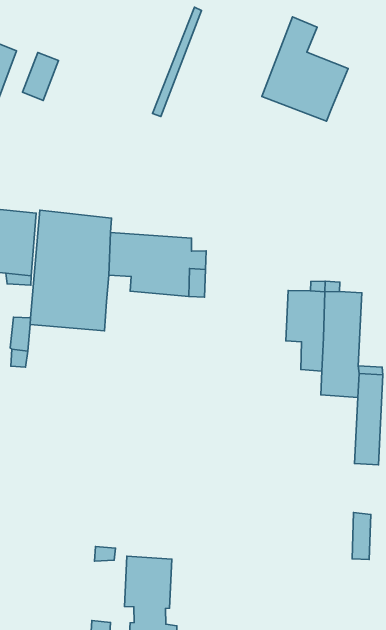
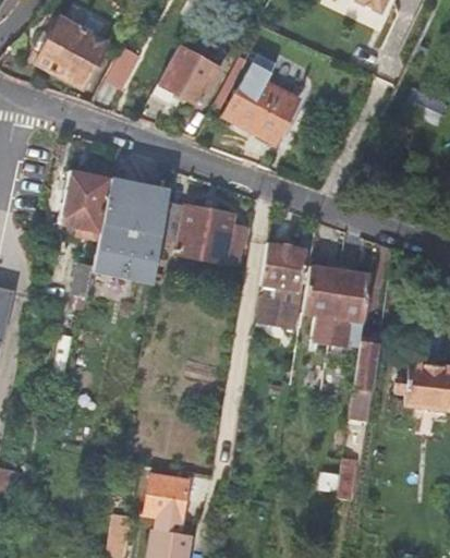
building: [262,17,348,121] -> [224,52,299,142]
building: none -> [154,47,220,107]
building: none -> [255,242,307,329]

